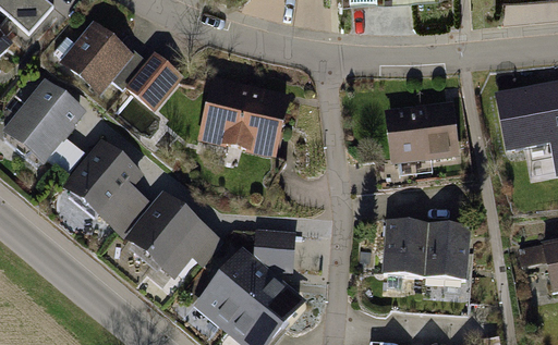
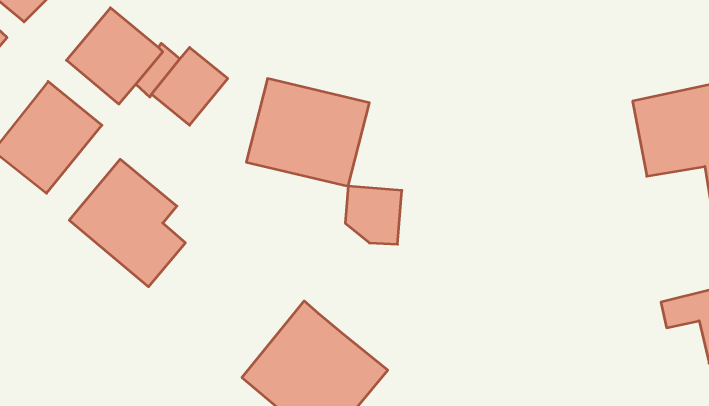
building: [385,102,460,165] -> none
building: [123,192,225,281] -> none
building: [381,221,471,281] -> none
building: [253,230,296,274] -> [345,186,402,244]

